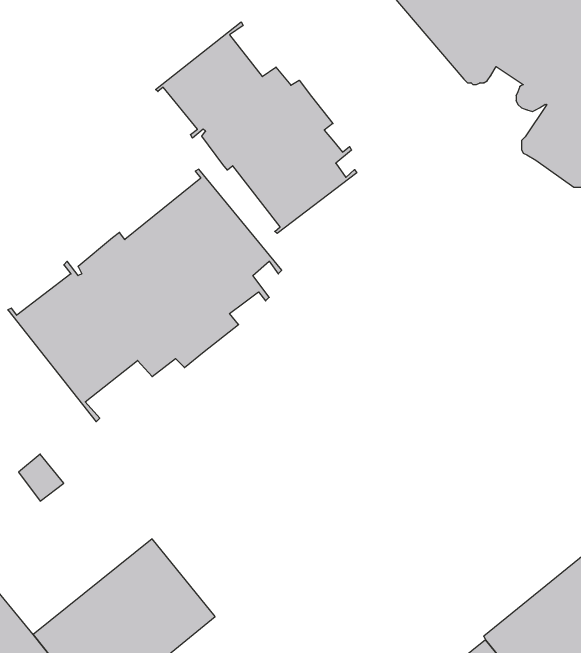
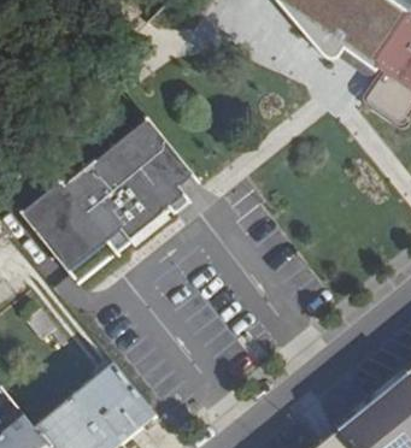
building: [156,22,357,233] -> none

